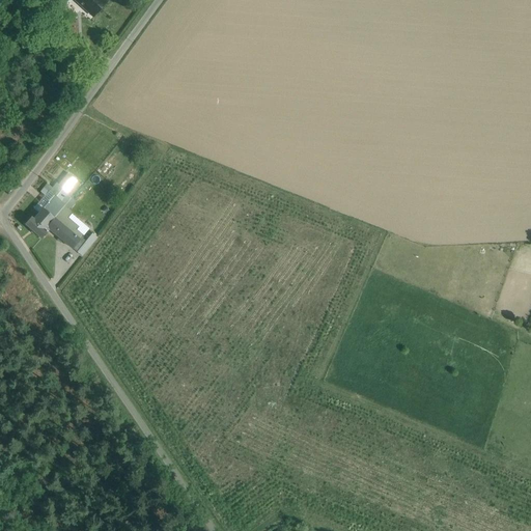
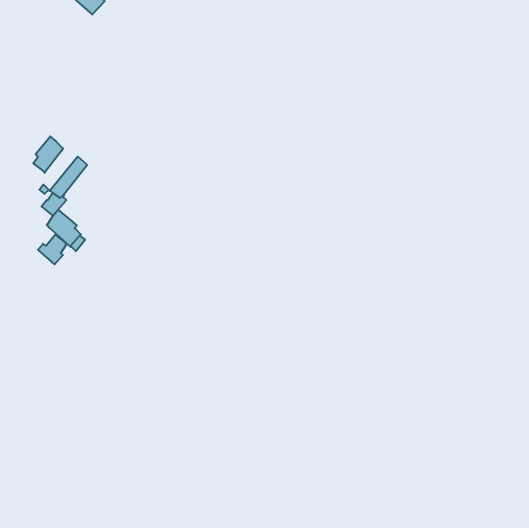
building: none -> [33,136,63,173]
building: [24,206,53,236] -> [38,234,67,264]

